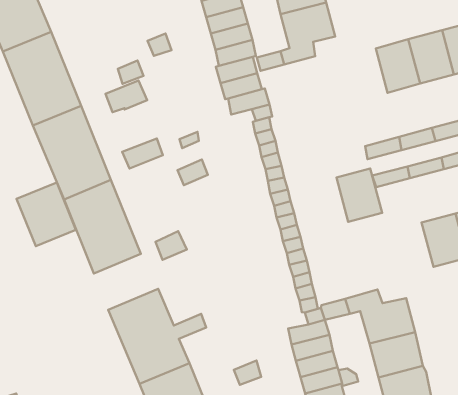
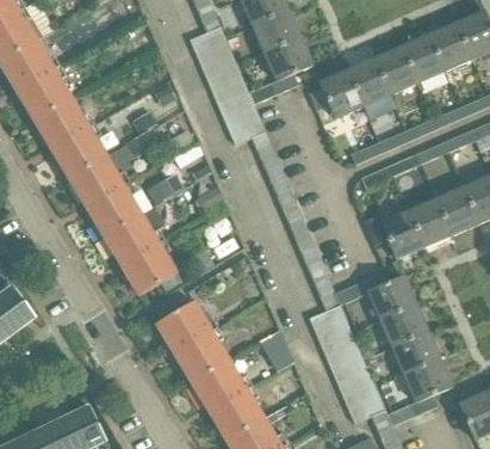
building: none -> [321,69,364,125]
building: [336,168,382,222] -> [382,210,424,258]
building: [17,182,76,246] -> none

